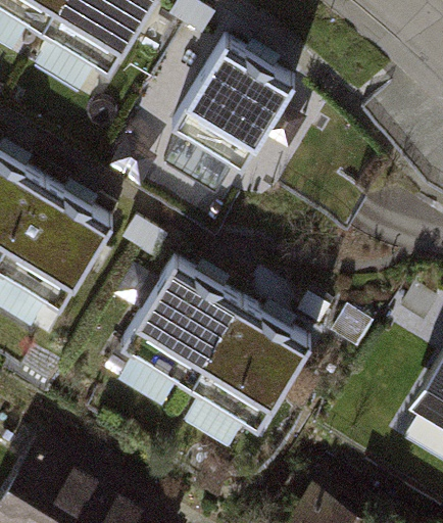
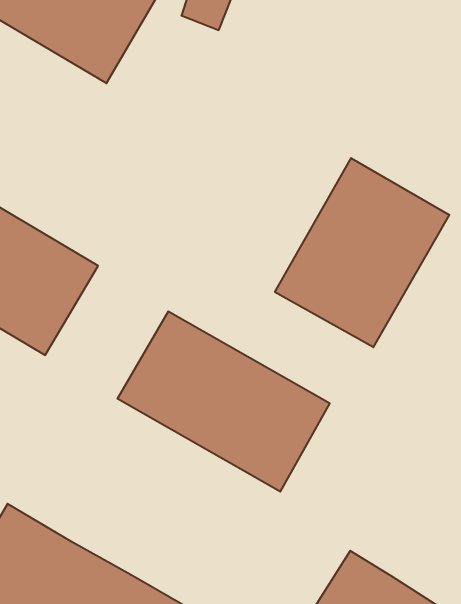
building: [181,57,292,172] -> none
building: none -> [275,158,449,347]

